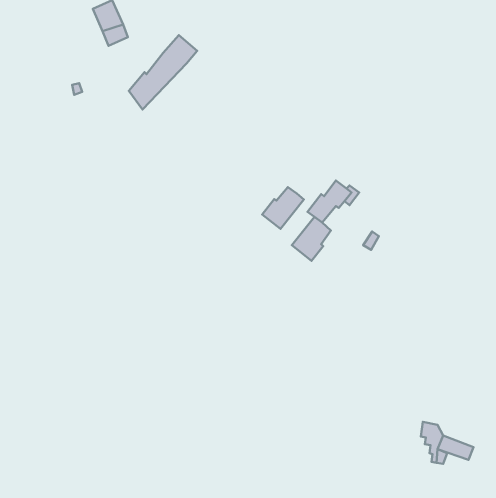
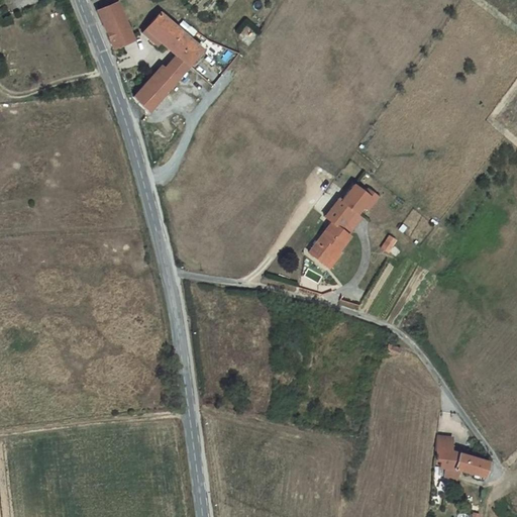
building: none -> [148,17,188,55]
building: [262,187,304,229] -> none

